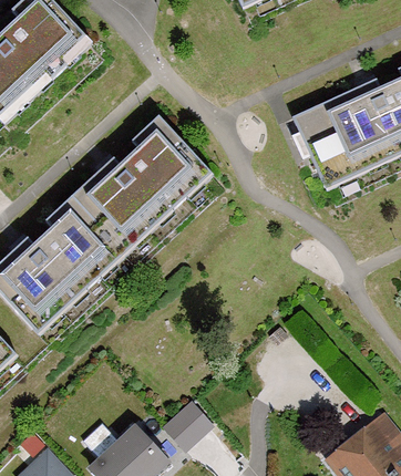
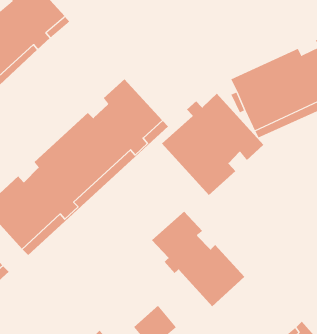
building: none -> [161,93,264,196]
building: none -> [151,211,245,307]

